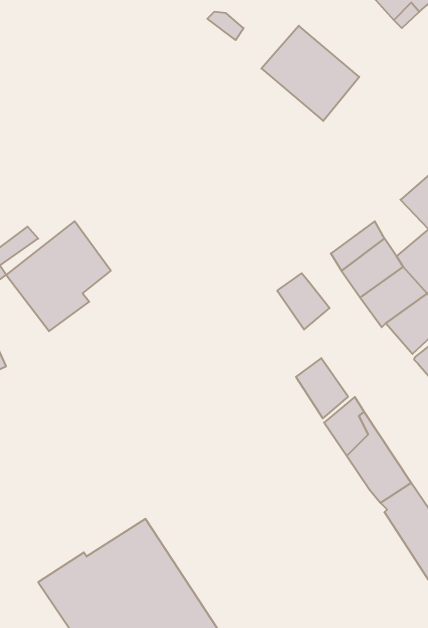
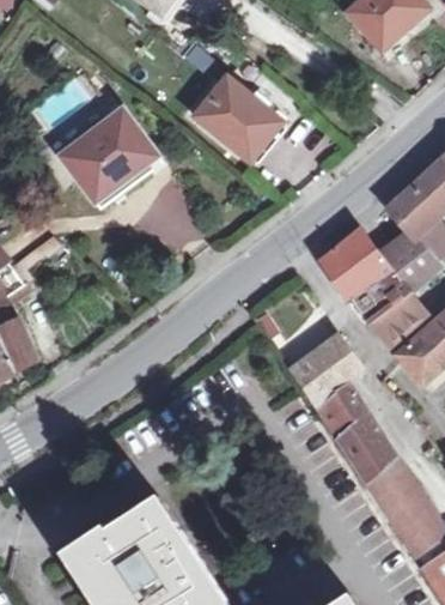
building: [261,26,359,121] -> [194,74,281,159]
building: [6,221,111,331] -> [61,109,154,207]
building: [277,273,330,330] -> [313,334,360,385]

